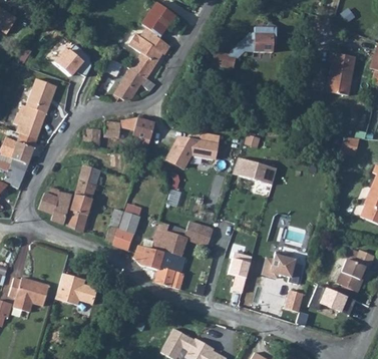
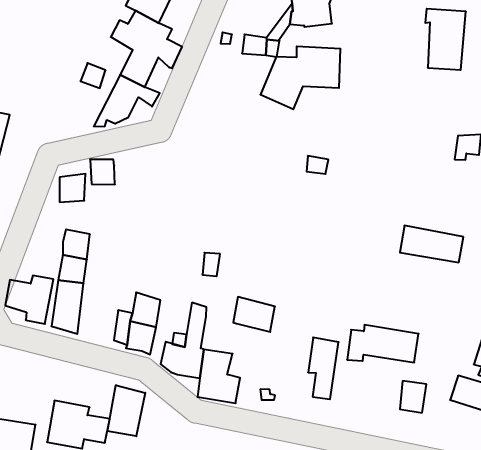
building: [58,44,90,76] -> none
building: [120,117,154,146] -> none
building: [164,131,220,171] -> [260,46,341,109]
building: [234,157,276,186] -> [400,226,463,262]
building: [161,231,186,257] -> none
building: none -> [107,385,145,436]

